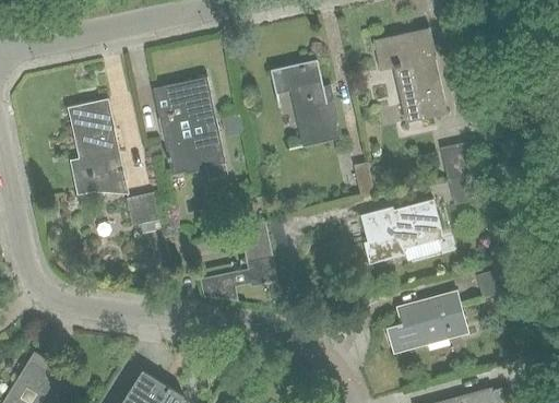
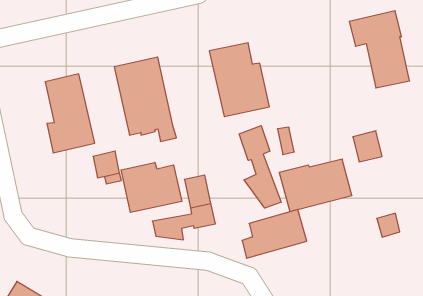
building: [372,26,447,121] -> [349,11,410,88]
building: [440,142,475,175] -> none
building: none -> [239,126,281,208]
building: none -> [121,162,182,212]
building: [388,294,467,354] -> [242,209,307,258]

